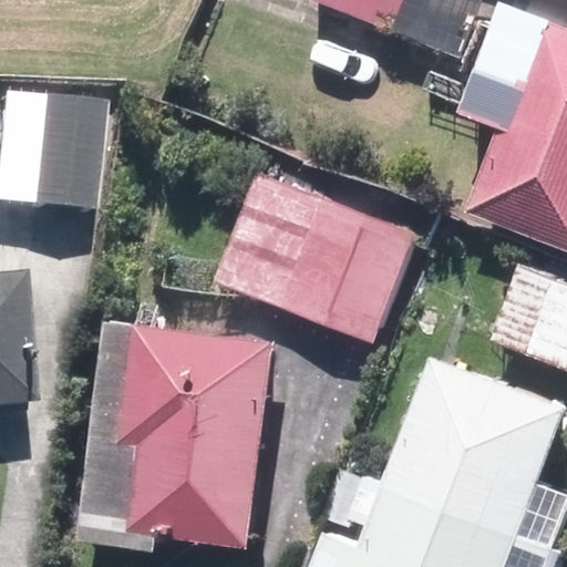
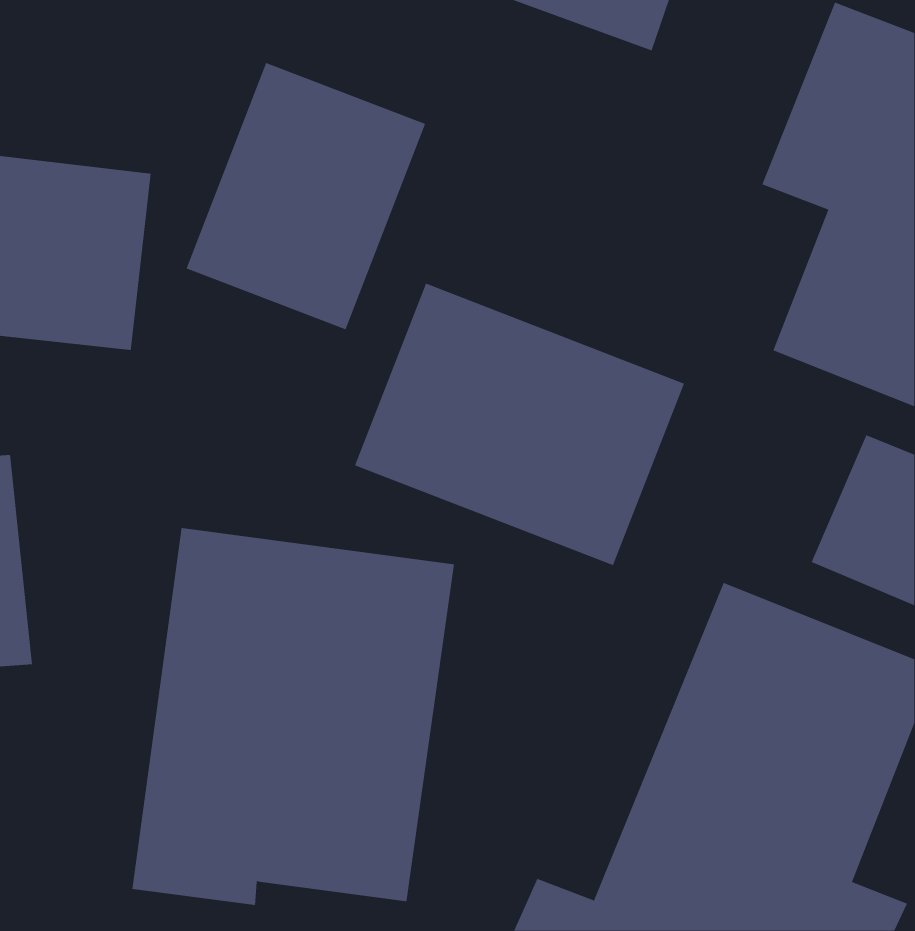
building: none -> [186,62,426,330]

